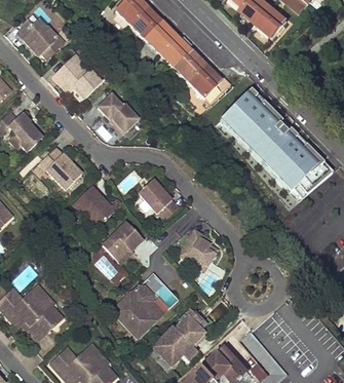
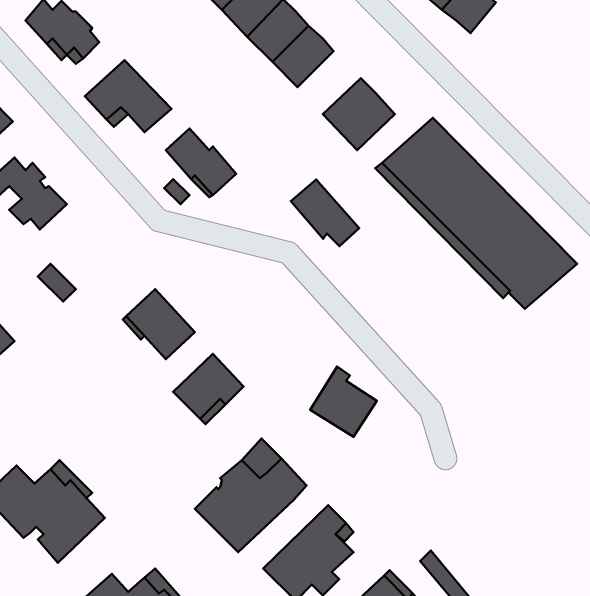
building: [173,48,208,84] -> none
building: [39,146,81,188] -> none
building: [139,178,178,216] -> [291,179,359,246]

